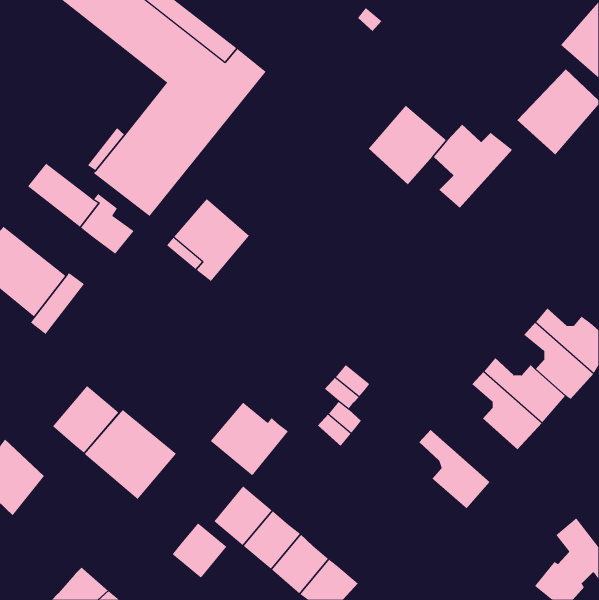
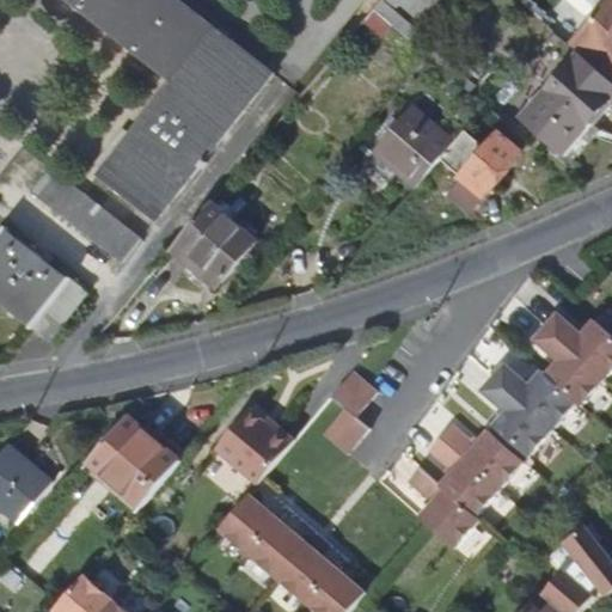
building: [52,385,119,454] -> none
building: none -> [436,422,521,489]
building: none -> [405,467,477,547]
building: [172,522,227,578] -> none

